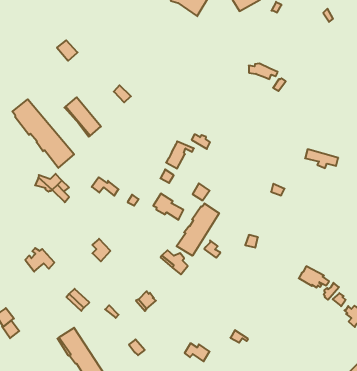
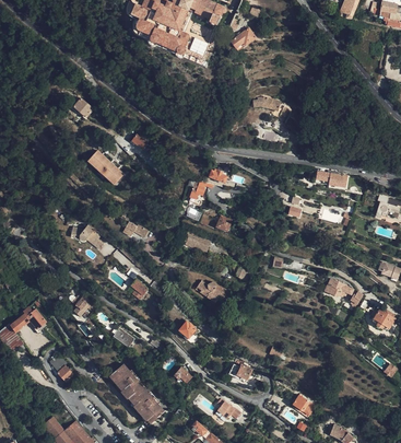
building: [12,99,74,168] -> none
building: [177,203,219,256] -> none

